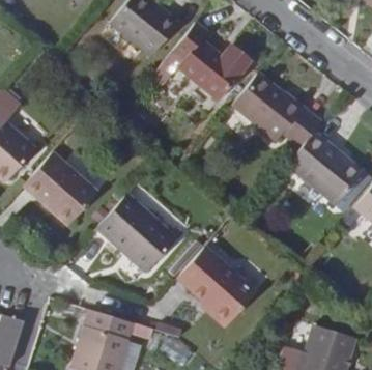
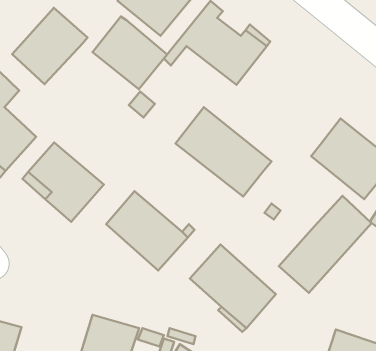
building: none -> [12,8,87,84]
building: none -> [92,16,167,89]
building: [234,74,322,155] -> [175,107,272,197]
building: none -> [279,196,371,293]

